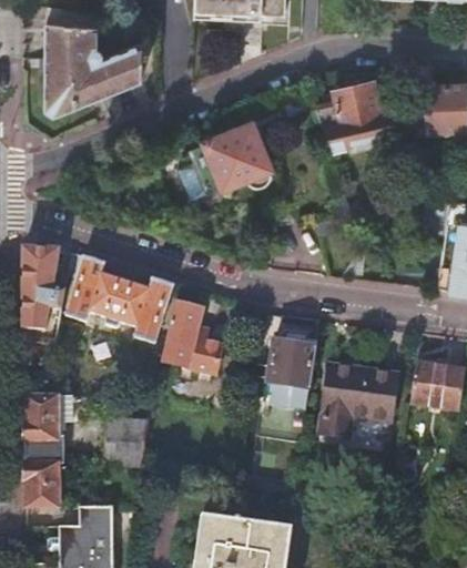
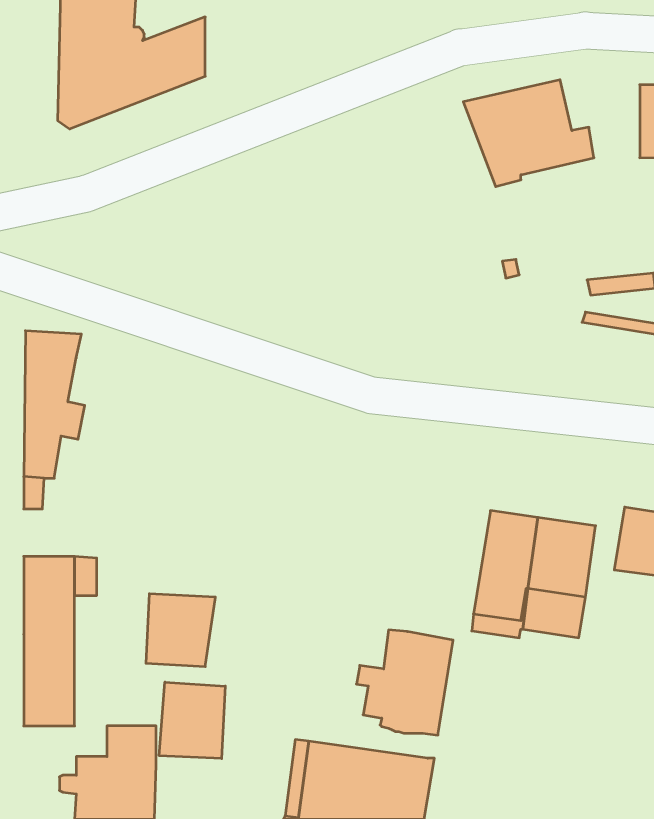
building: [187,123,273,197] -> none
building: [65,252,173,343] -> none
building: [161,301,223,375] -> none
building: [253,339,316,408] -> [356,630,453,735]
building: none -> [159,682,225,759]

